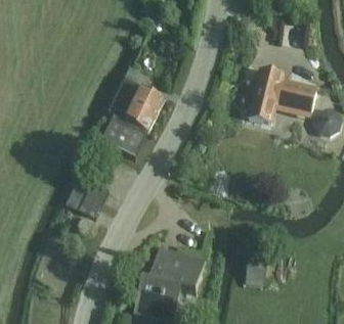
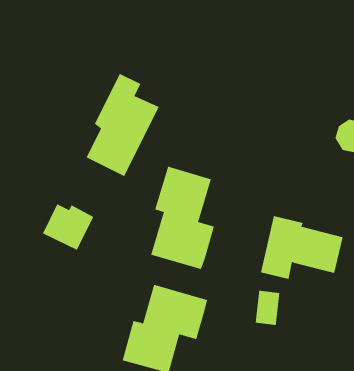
building: [247,68,317,123] -> [260,216,343,280]
building: none -> [151,166,215,270]

